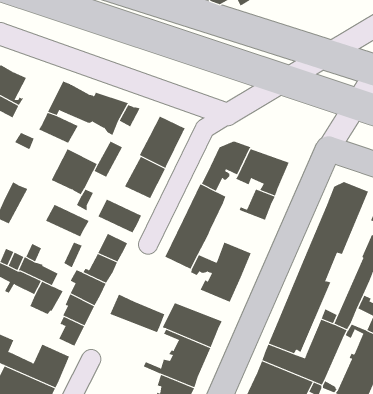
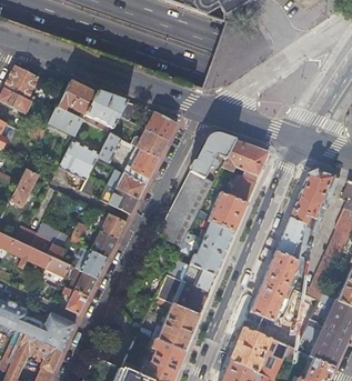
building: [45,204,89,237] -> [108,170,147,199]
building: none -> [198,192,248,232]
building: [110,294,165,333] -> [168,258,217,292]

